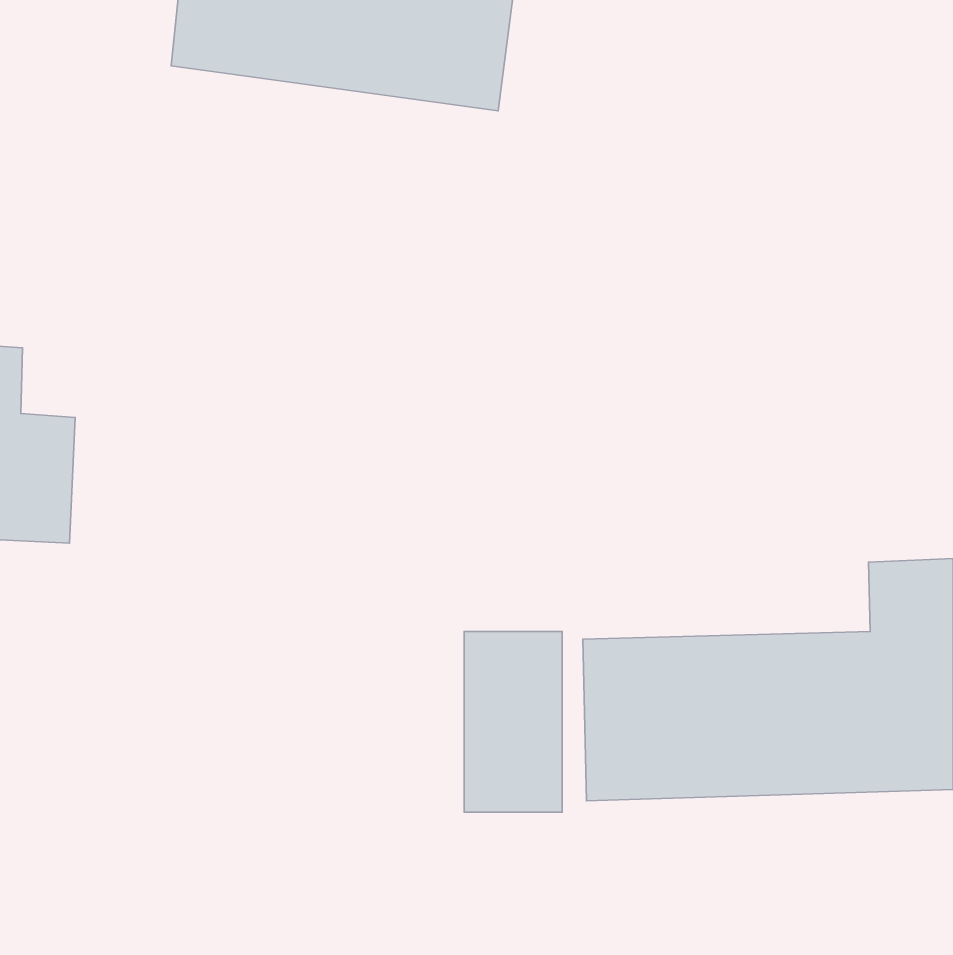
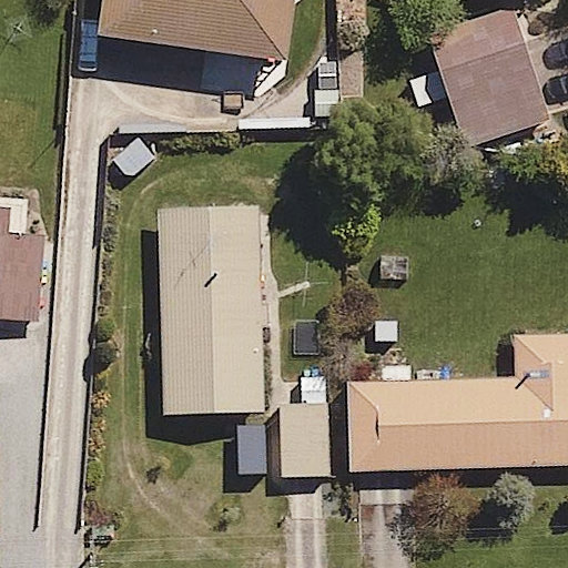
building: none -> [449,40,557,148]
building: none -> [158,204,262,410]

